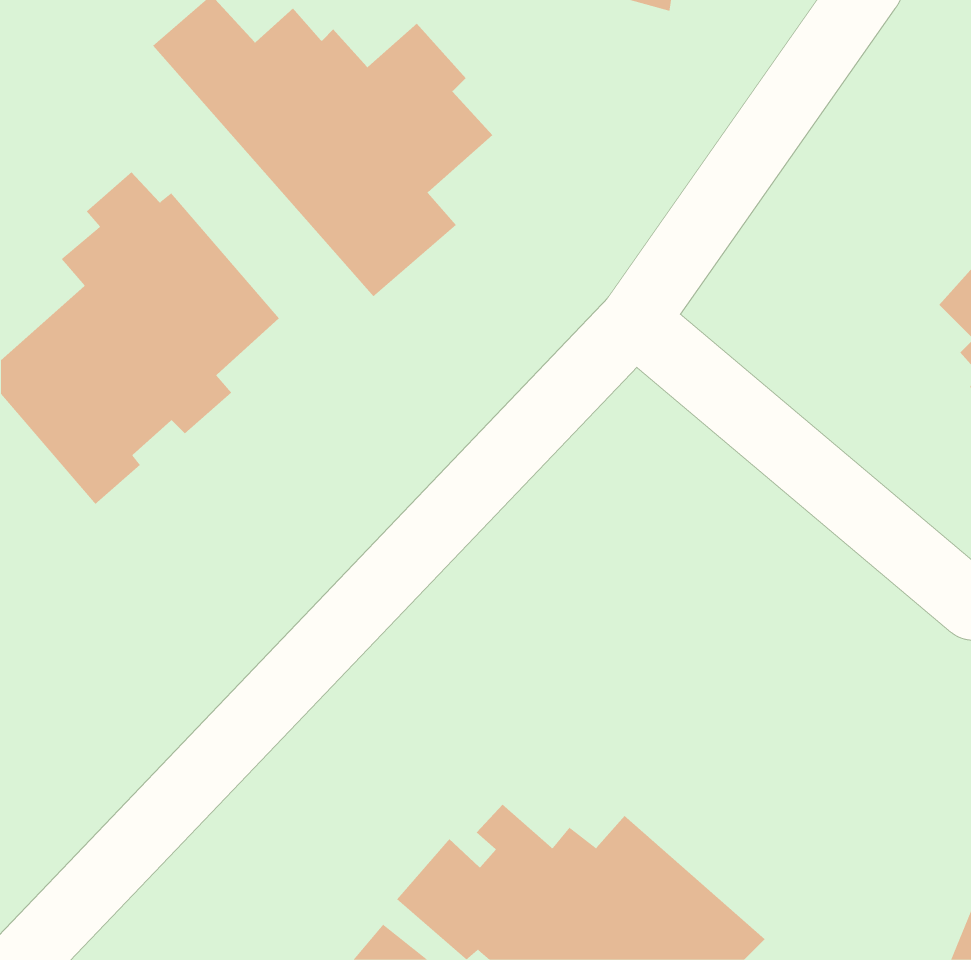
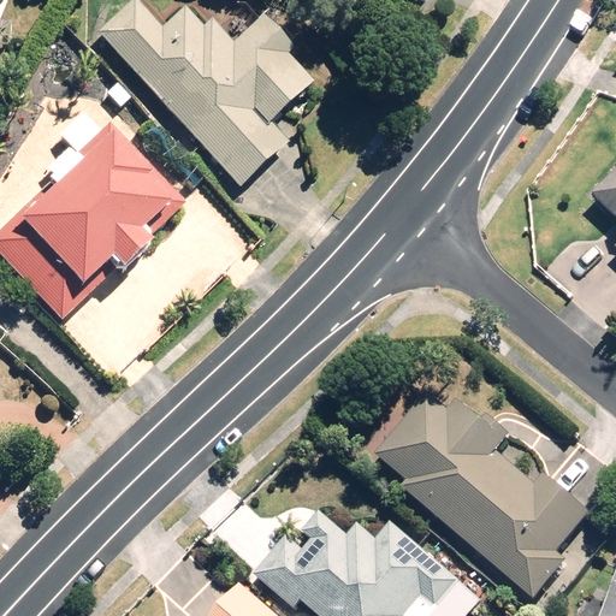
building: none -> [375,390,592,602]

